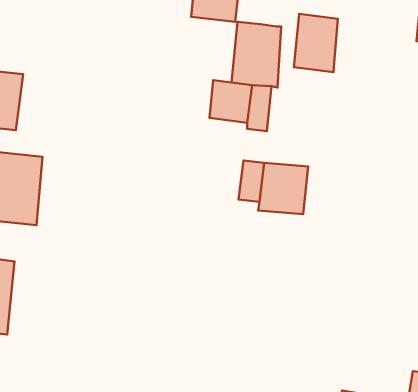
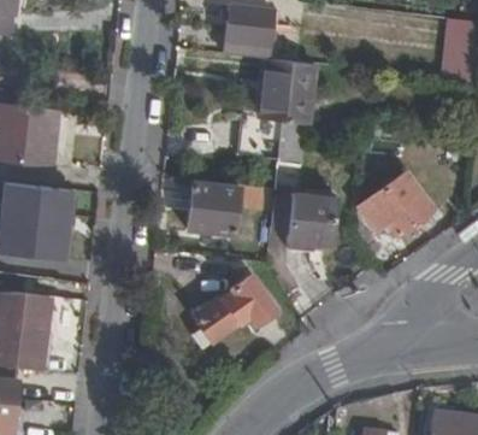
building: [294,14,338,72] -> none
building: none -> [371,172,433,235]
building: none -> [190,186,241,236]
building: none -> [190,276,272,345]

